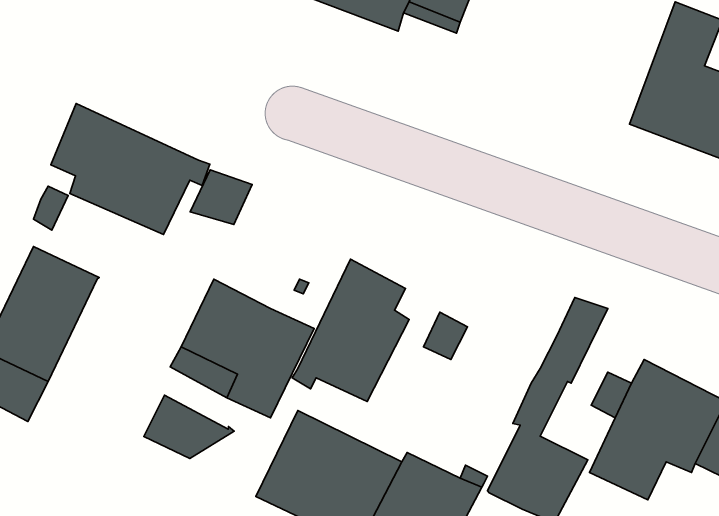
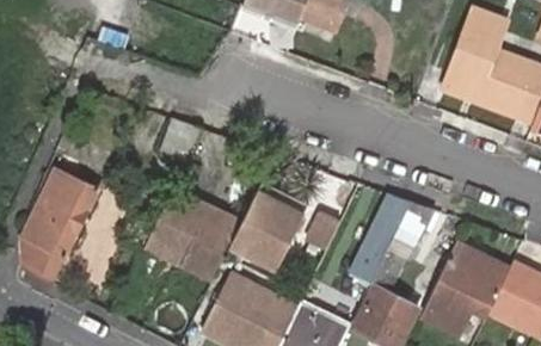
building: [51,103,210,235] -> none
building: none -> [362,193,411,258]
building: [144,395,234,459] -> none

